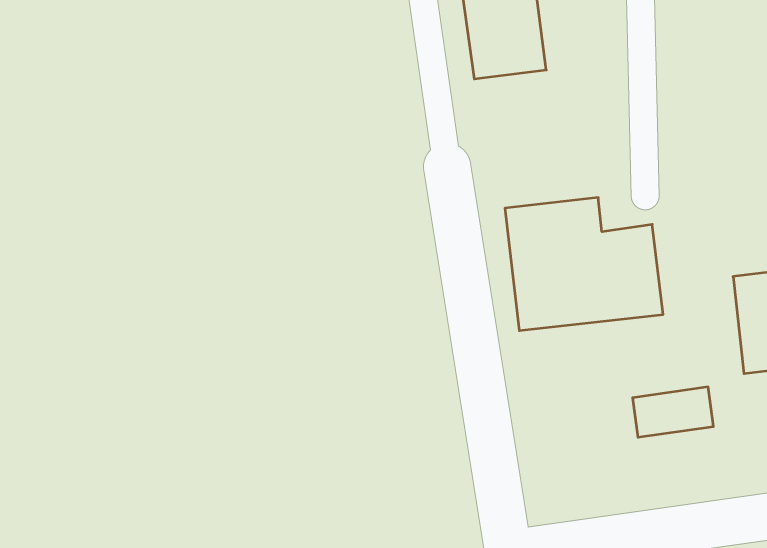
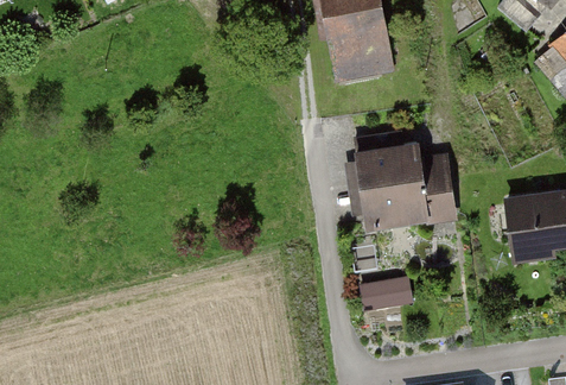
building: [633,387,713,437] -> [363,277,416,310]

